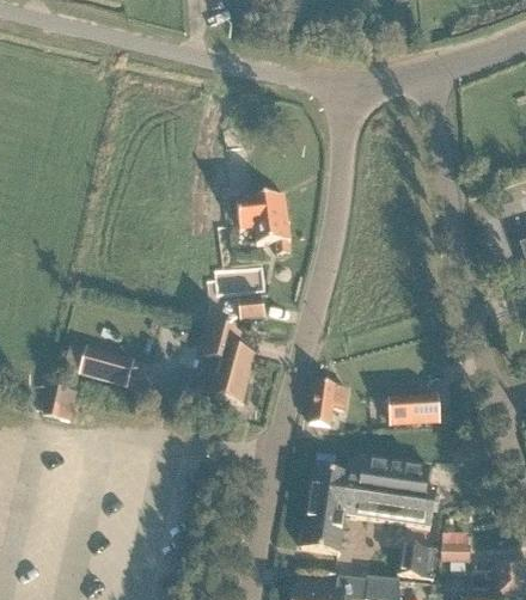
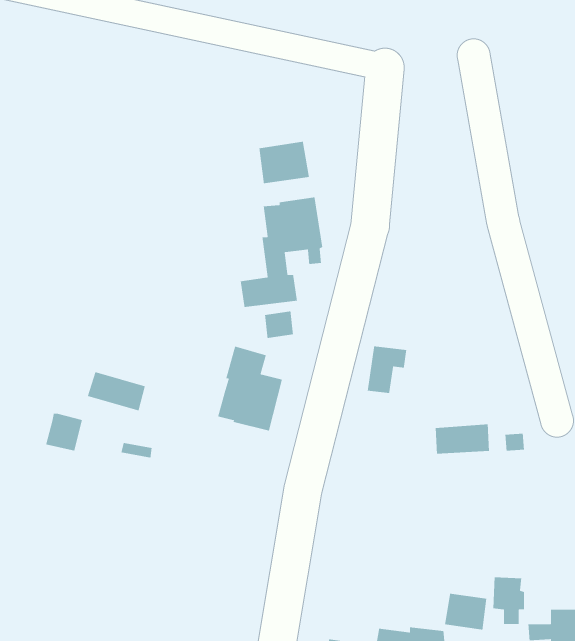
building: none -> [258,141,310,184]
building: [310,381,345,424] -> [367,346,407,394]
building: [301,454,435,552] -> none

